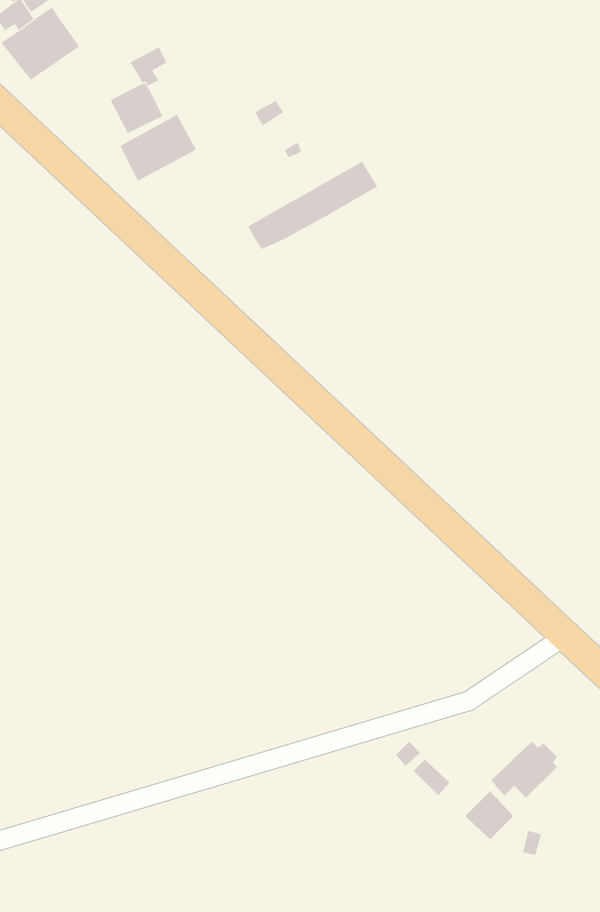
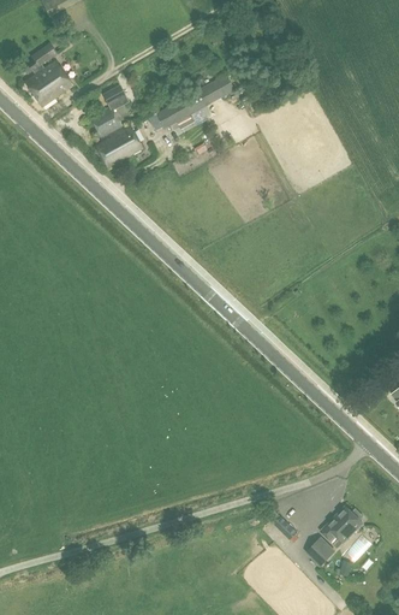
building: [247,161,378,250] -> [155,73,234,128]

